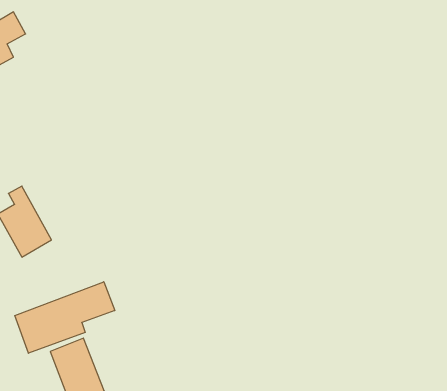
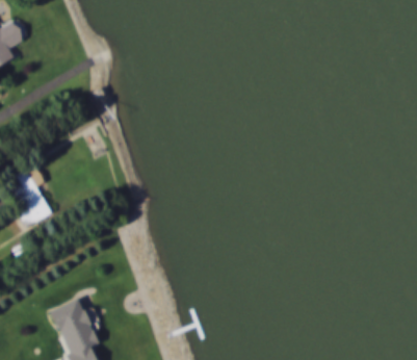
building: [15,282,115,353] -> none

